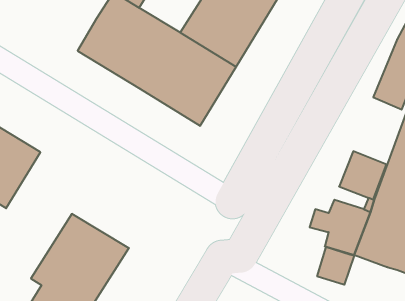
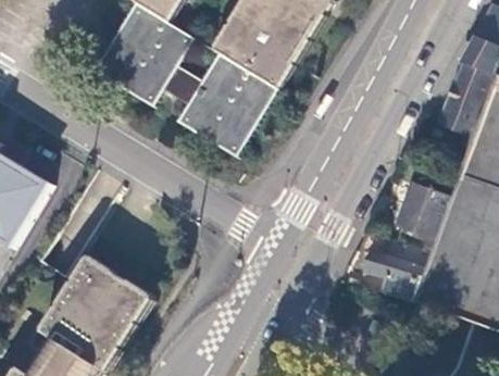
building: [317,247,354,285] -> none

